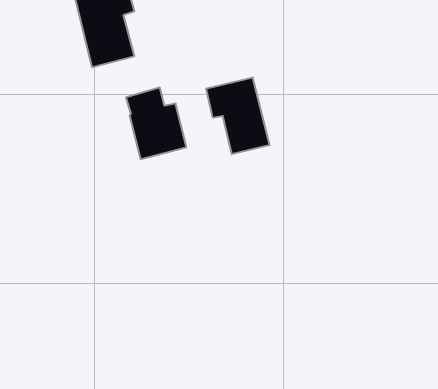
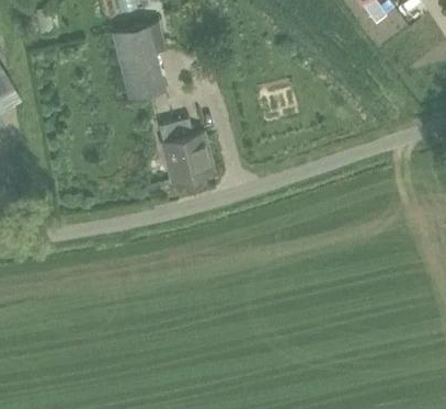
building: [206,77,269,154] -> none

